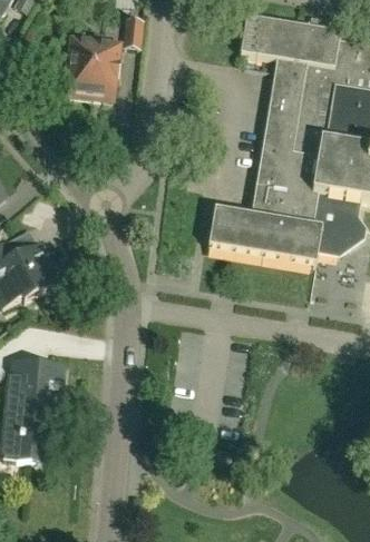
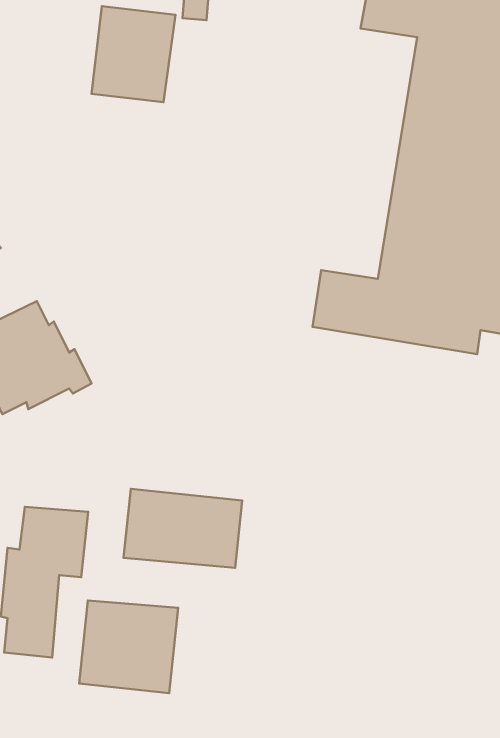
building: none -> [123,489,242,568]
building: none -> [79,600,178,693]

